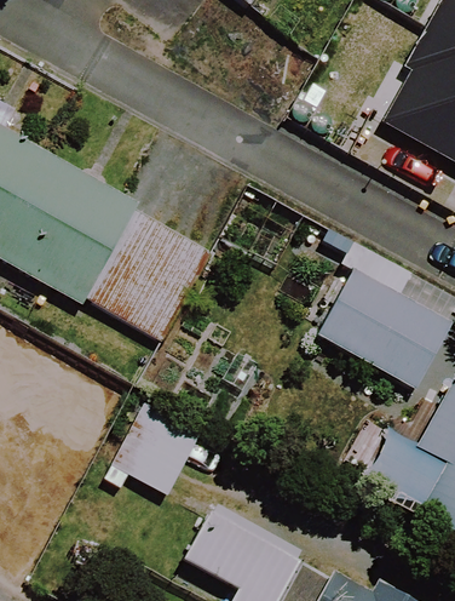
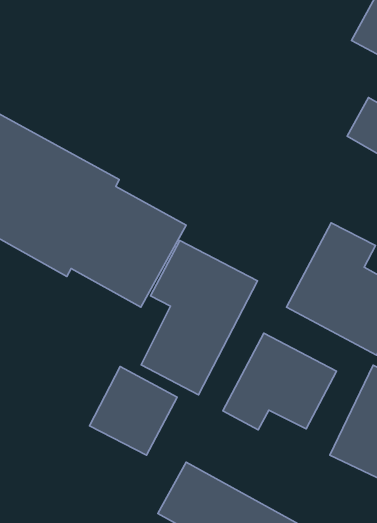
building: none -> [141,240,258,395]
building: none -> [223,333,336,430]

